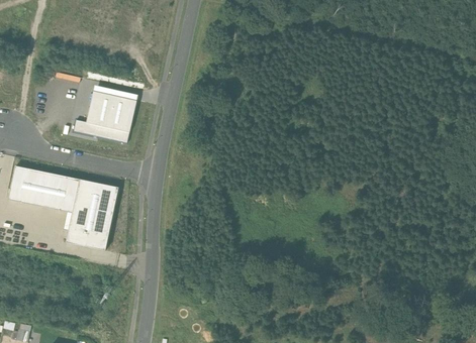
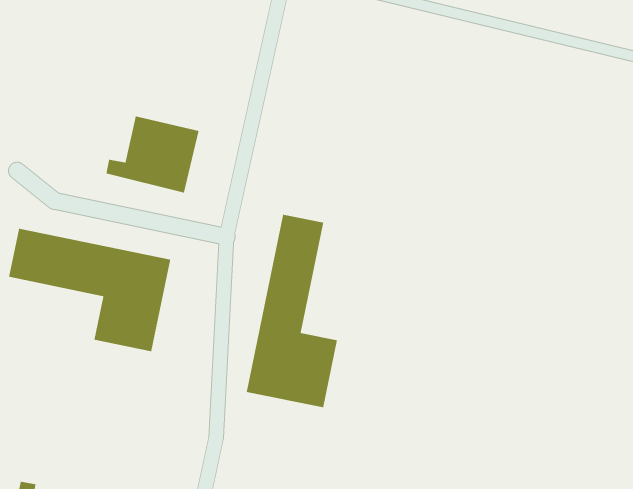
building: none -> [246,214,338,408]

